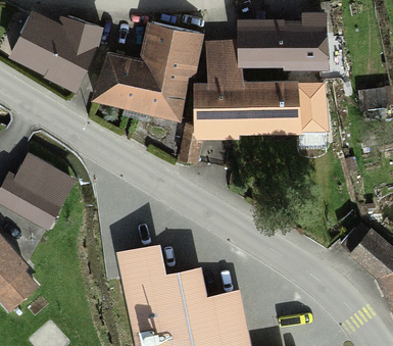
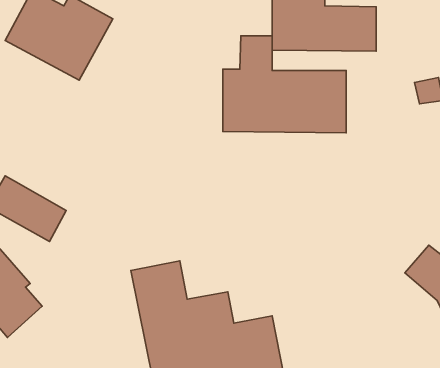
building: [95,27,201,118] -> none
building: [300,82,325,143] -> none
building: [16,149,77,205] -> none

